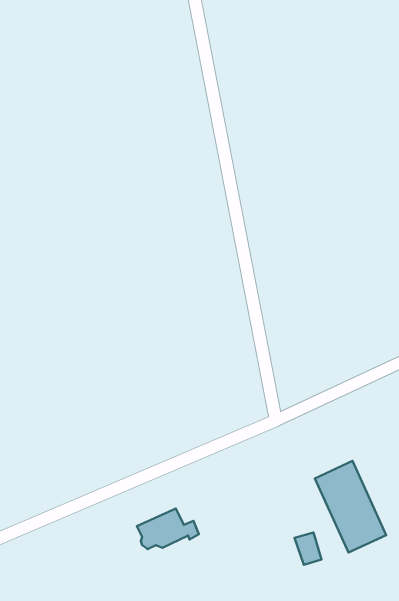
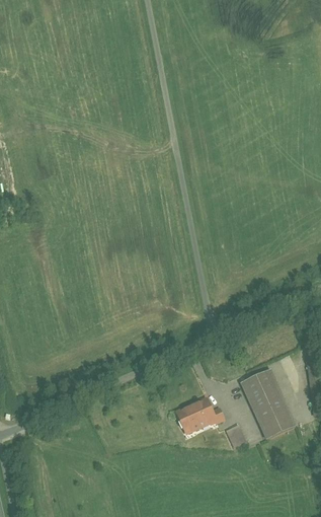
building: [137,509,199,549] -> [176,398,223,429]

